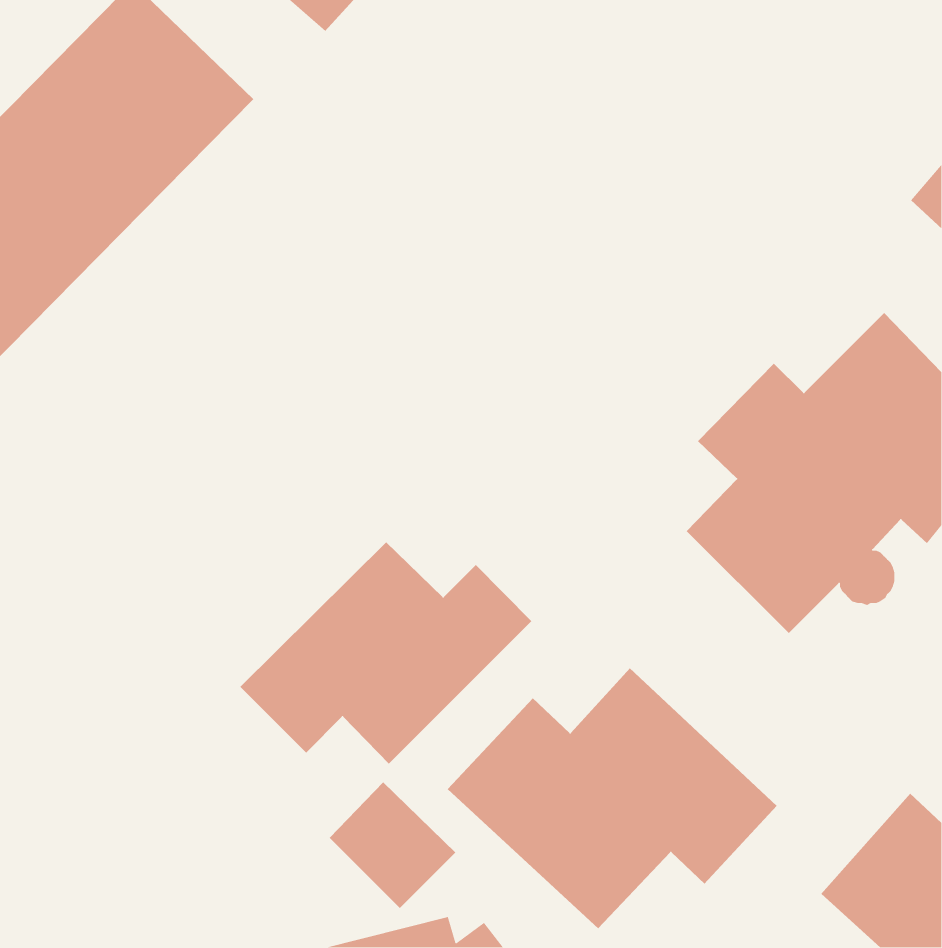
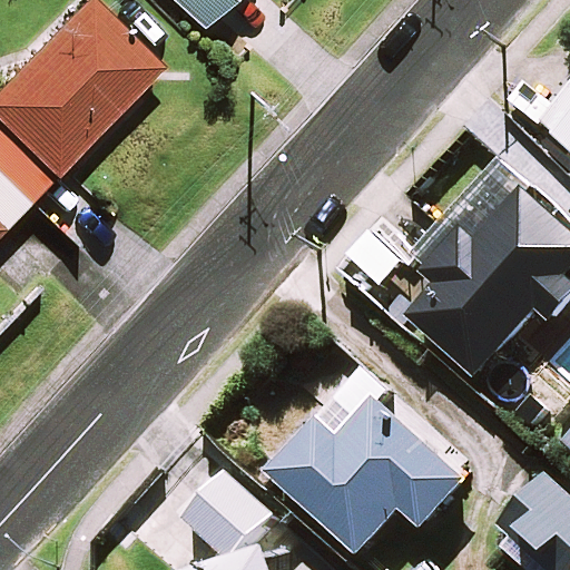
building: [239,541,532,765] -> none

